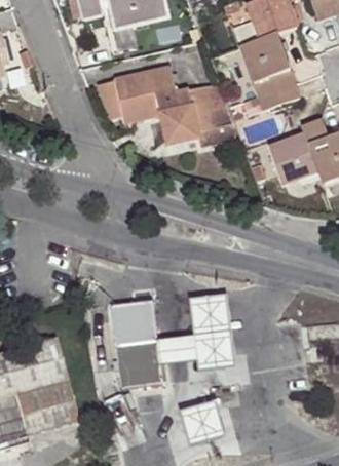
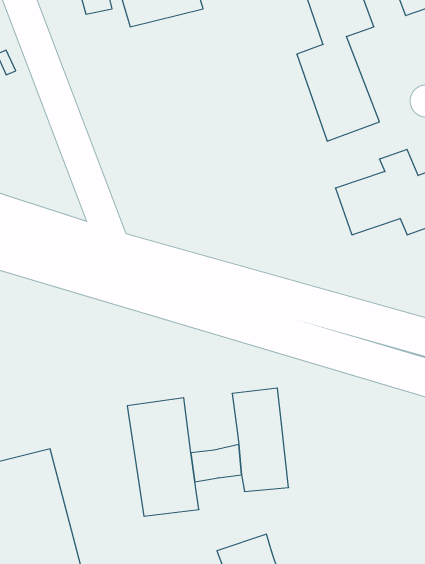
building: [102,64,234,145] -> none

